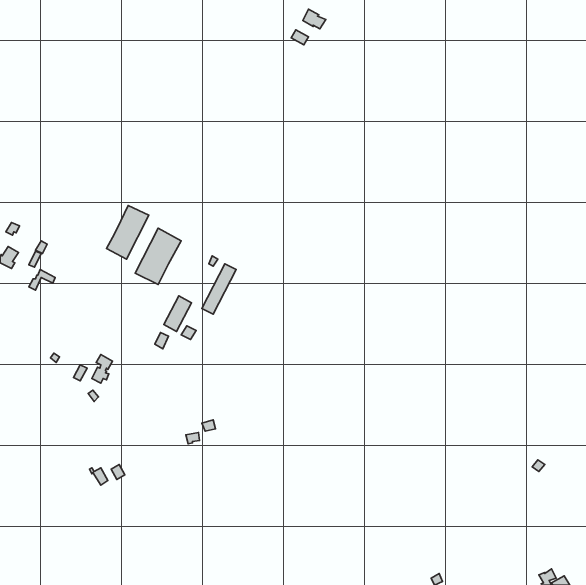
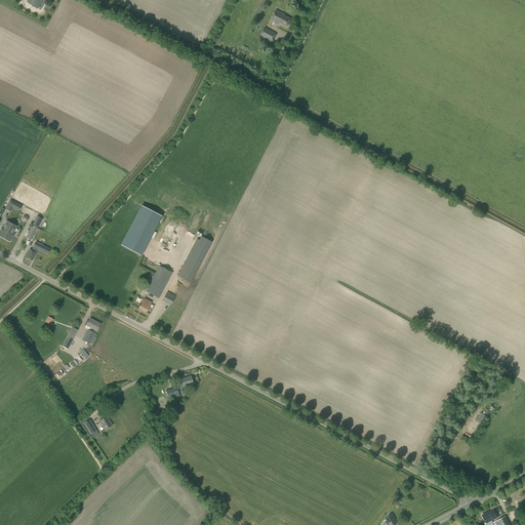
building: [107,205,149,259] -> none

